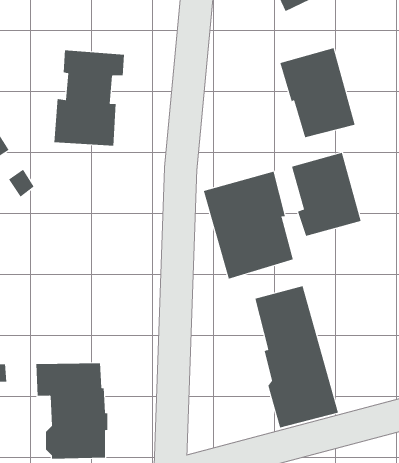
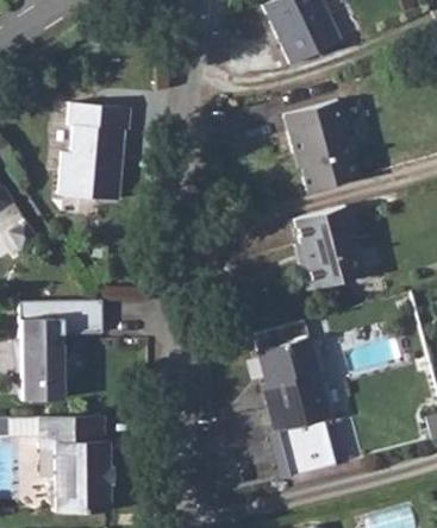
building: [203,171,294,279] -> none
building: none -> [11,298,102,398]

